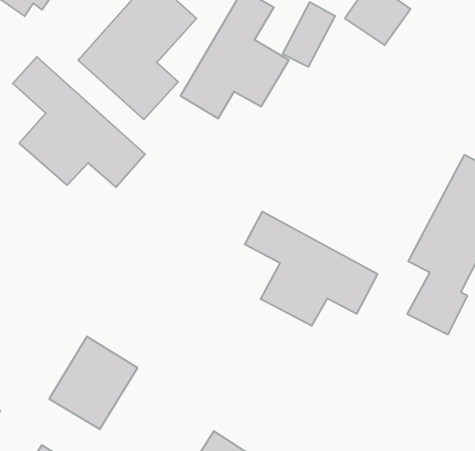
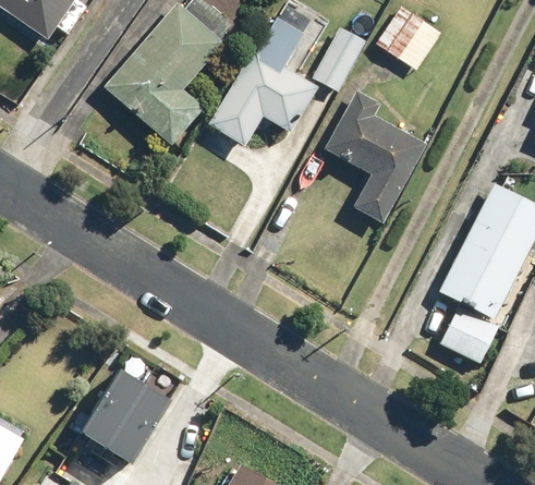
building: [13,57,145,187] -> none
building: none -> [326,94,428,226]
building: [245,212,378,326] -> none

